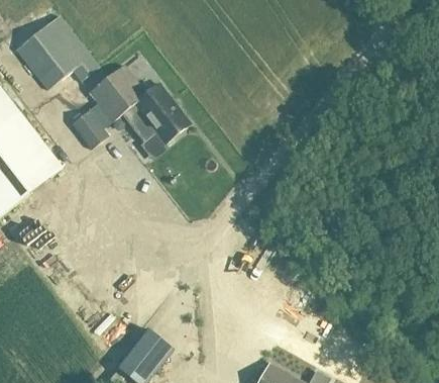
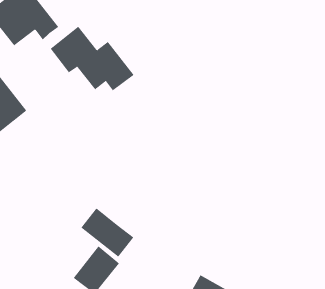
building: [71,108,112,150] -> none
building: none -> [81,207,134,257]

